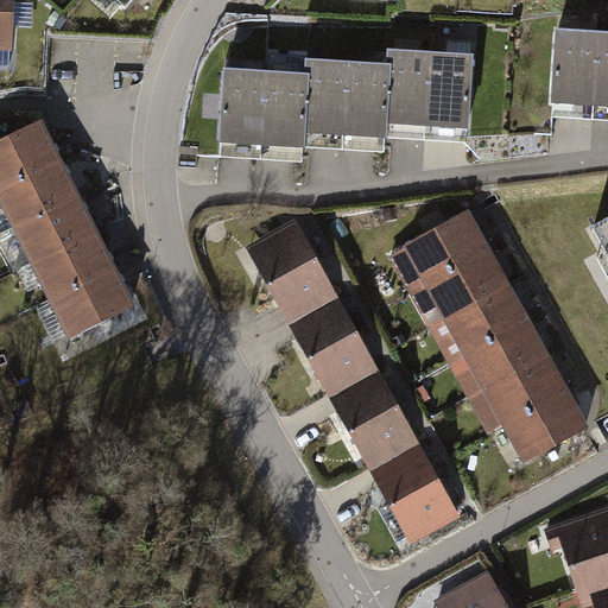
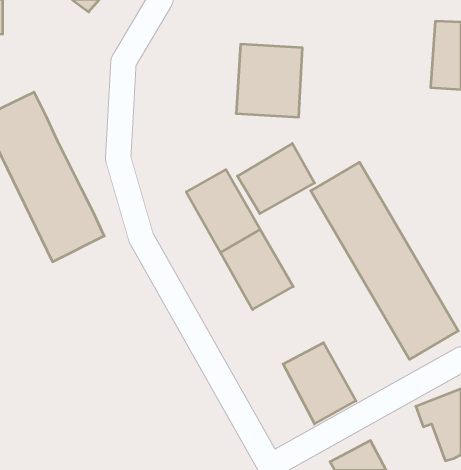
building: [386,46,476,138] -> none
building: [223,66,309,163] -> none
building: none -> [237,143,315,214]
building: [325,369,417,469] -> none

